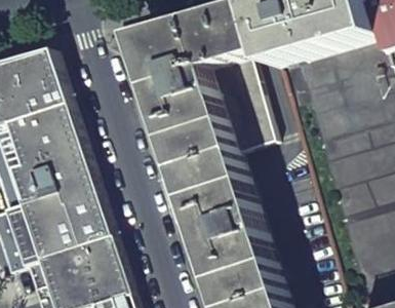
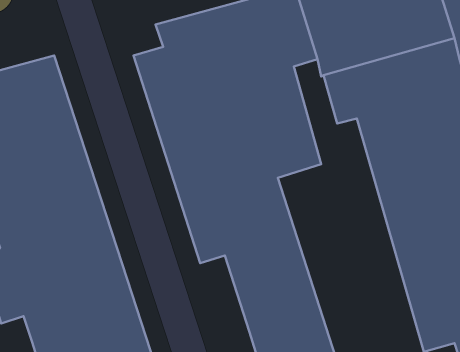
building: [175,215,216,284] -> none

